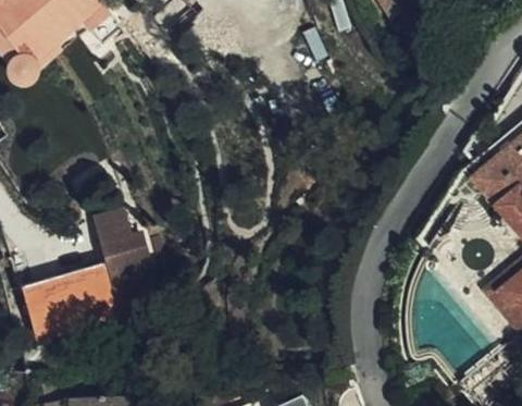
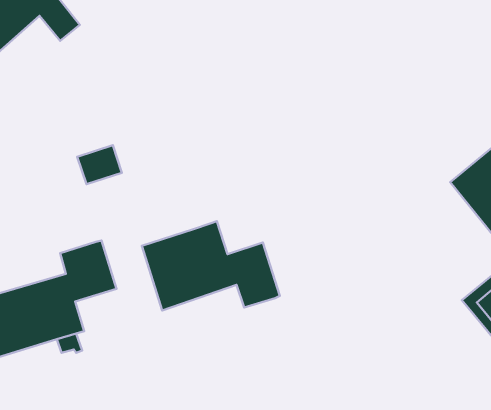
building: [92,207,135,244] -> [77,145,122,184]
building: none -> [142,221,280,311]

